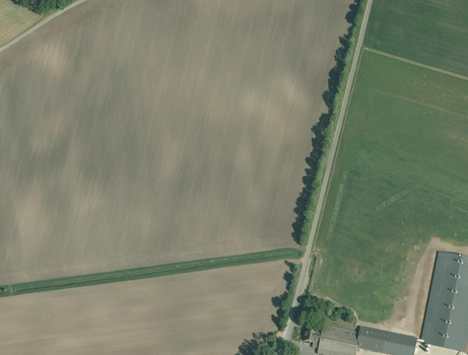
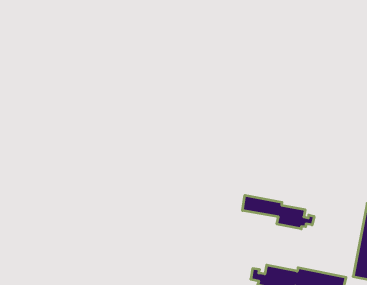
building: none -> [243,195,314,229]

